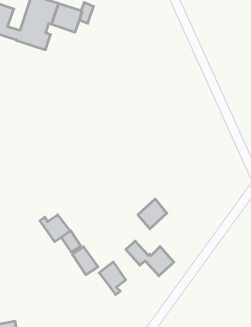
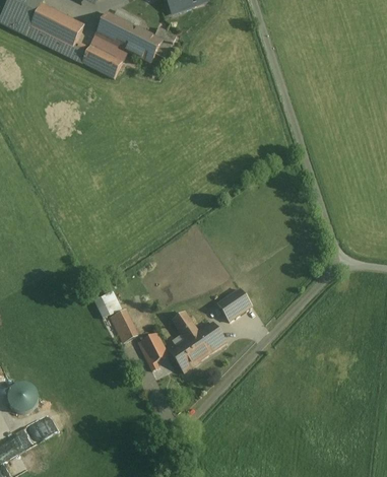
building: [138,199,167,229] -> [216,287,250,321]
building: [40,215,70,242] -> none
building: none -> [172,335,205,367]

